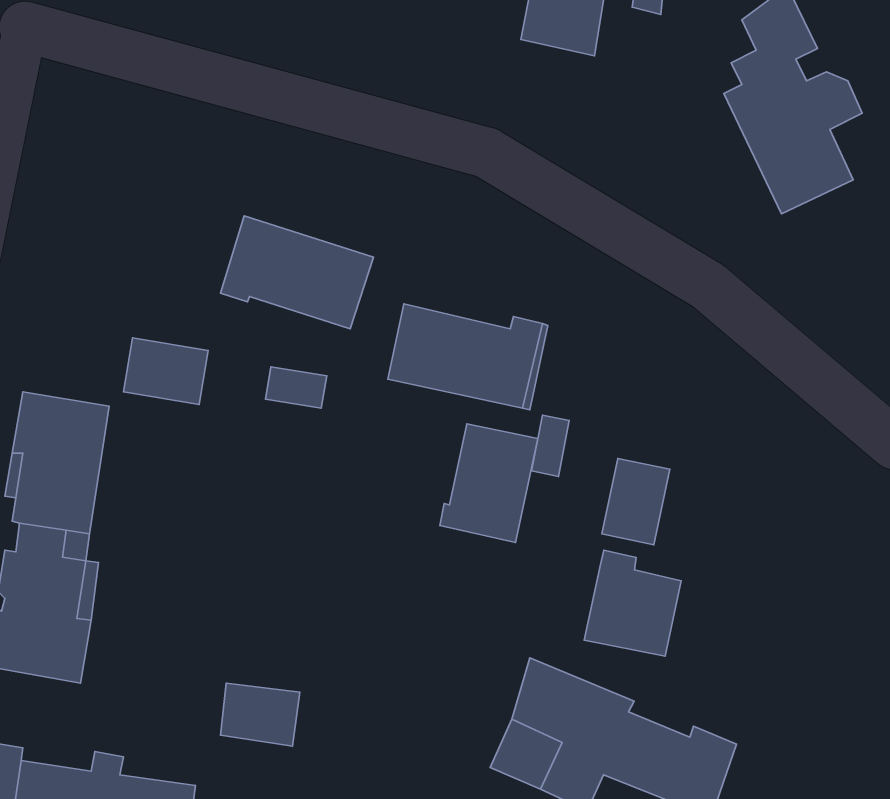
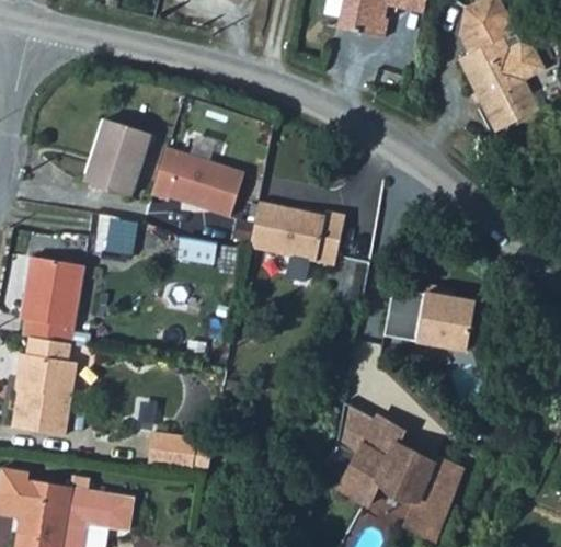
building: none -> [83,117,150,195]
building: [440,424,538,543] -> none
building: [584,550,681,656] -> [415,292,474,356]

